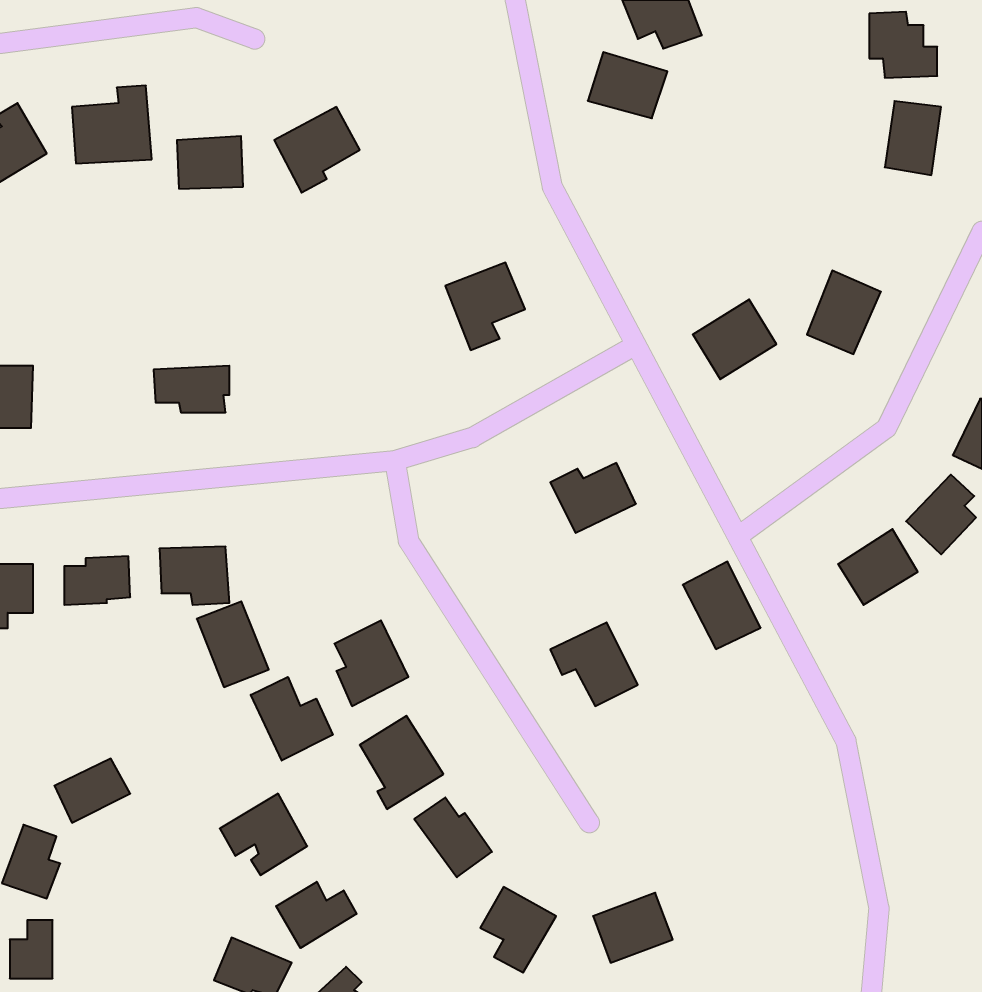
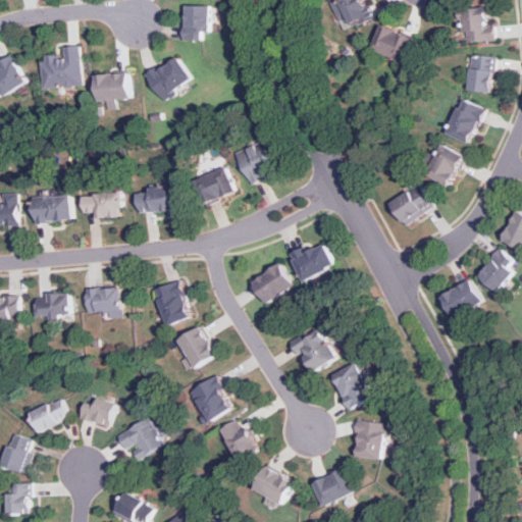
building: none -> [180,5,207,40]
building: [588,52,667,118] -> [368,27,410,61]
building: none -> [443,98,482,144]
building: [693,299,776,379] -> [387,184,431,225]
building: none -> [193,167,234,205]
building: none -> [135,185,178,213]
building: none -> [31,194,71,223]
building: none -> [250,263,292,303]
building: [683,562,761,649] -> [330,363,371,409]
building: [197,601,269,687] -> [152,280,190,325]
building: [251,677,333,761] -> none
building: none -> [77,398,113,428]
building: none -> [352,419,385,460]
building: [276,882,357,948] -> none

